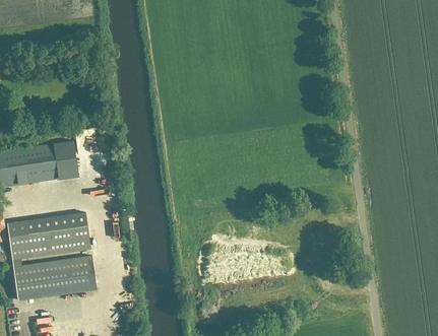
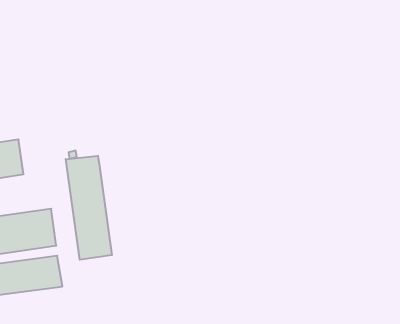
building: [54,140,79,178] -> none
building: none -> [66,156,112,260]

